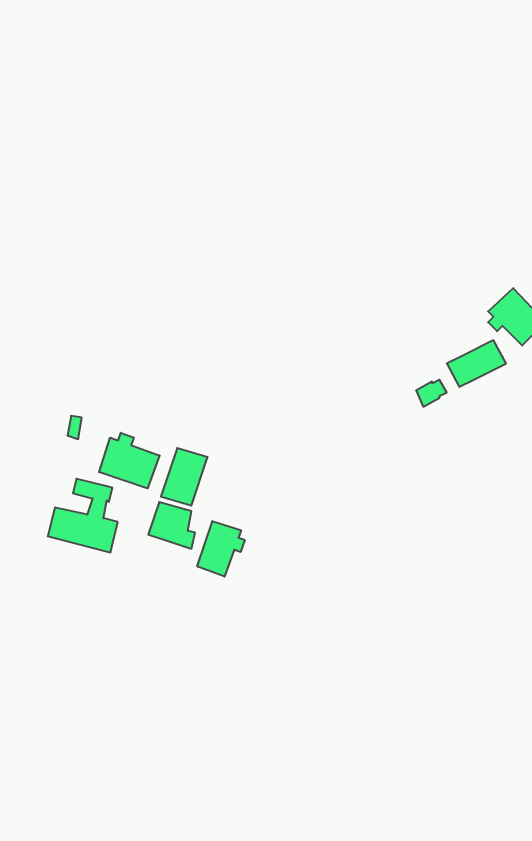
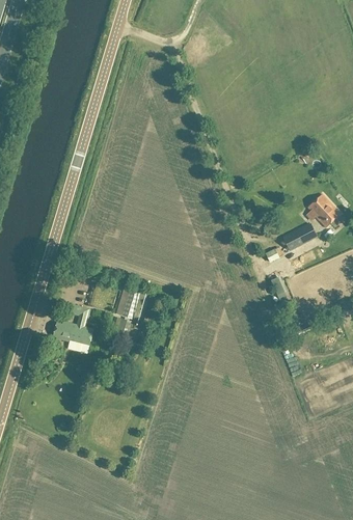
building: [99,433,160,488] -> none
building: [197,521,245,577] -> none

